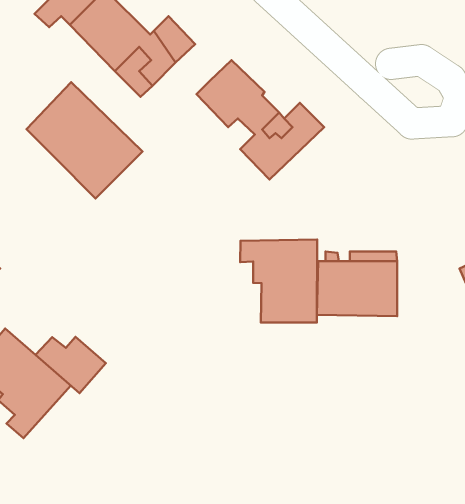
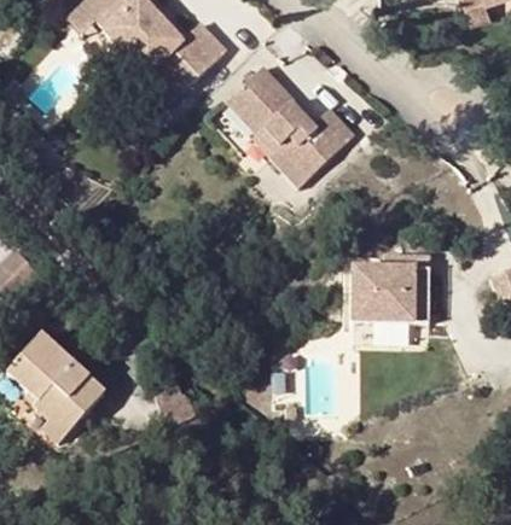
building: [27,82,143,198] -> none
building: [240,240,317,323] -> none
building: [36,337,106,393] -> none

